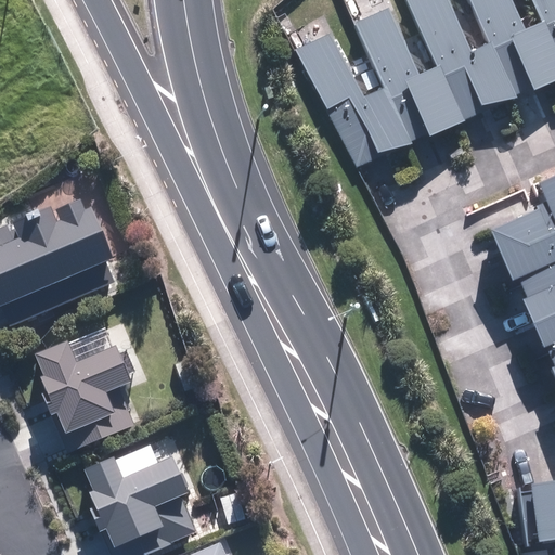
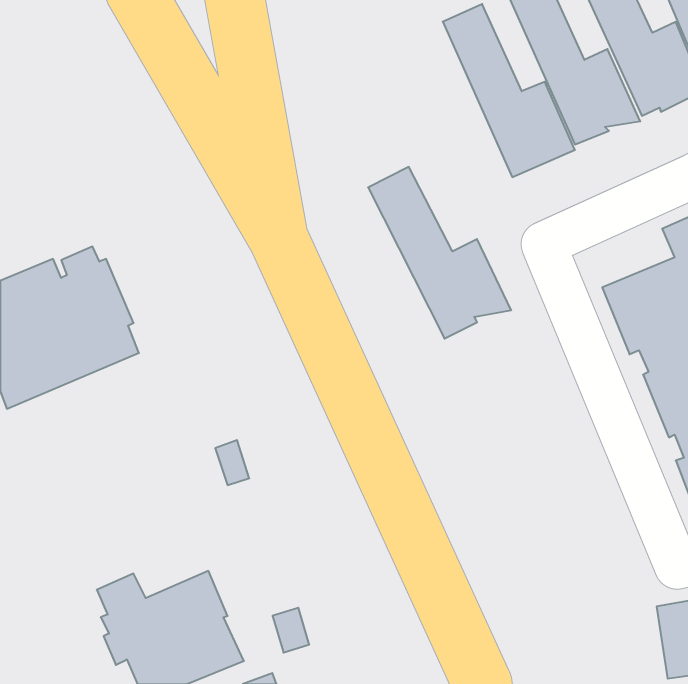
building: [298,28,412,165] -> [368,167,511,339]
building: [34,339,138,448] -> none

